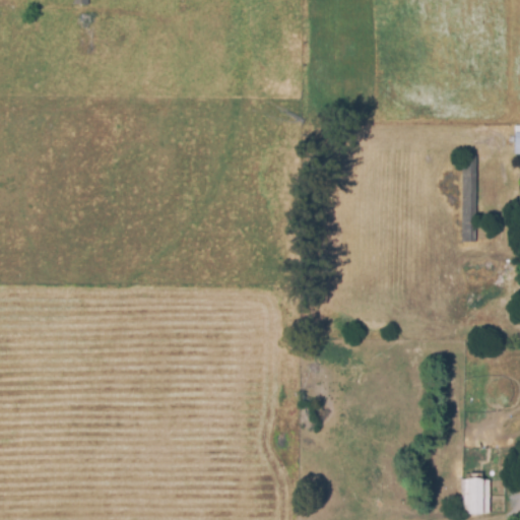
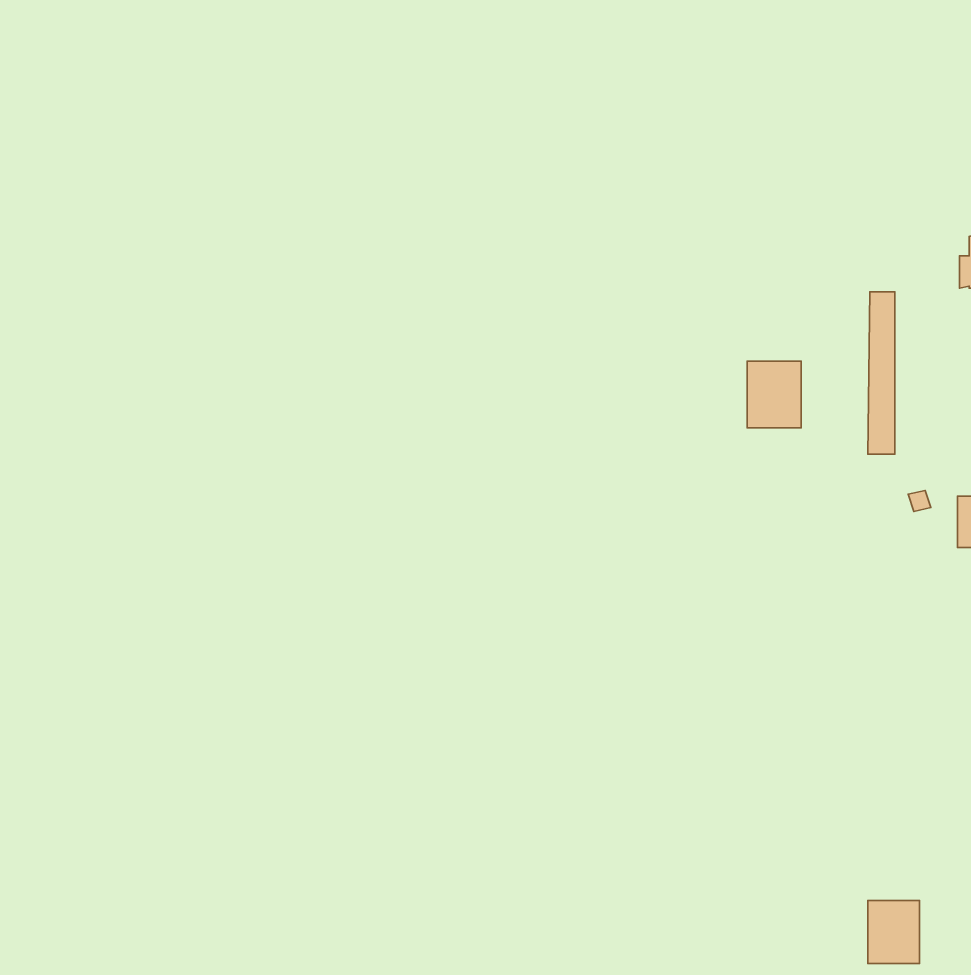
building: none -> [747,361,801,428]

